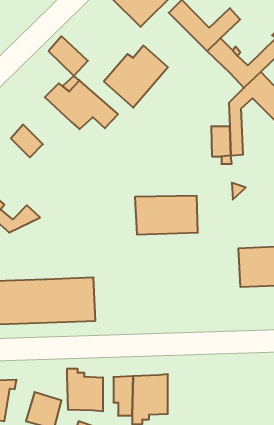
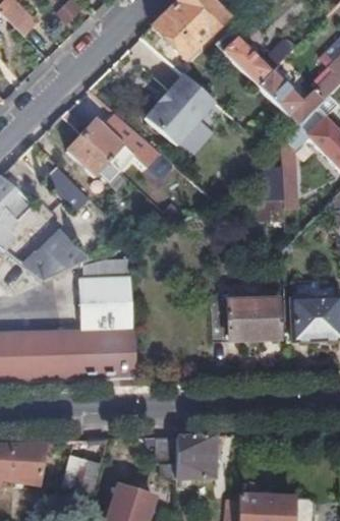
building: [49,36,88,76] -> [68,134,111,177]
building: [135,196,198,234] -> [213,298,281,340]
building: none -> [83,276,135,332]
building: [67,369,103,411] -> none

